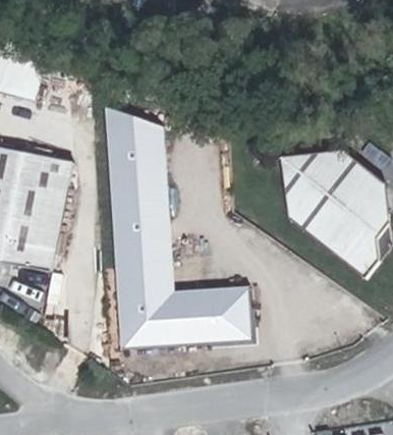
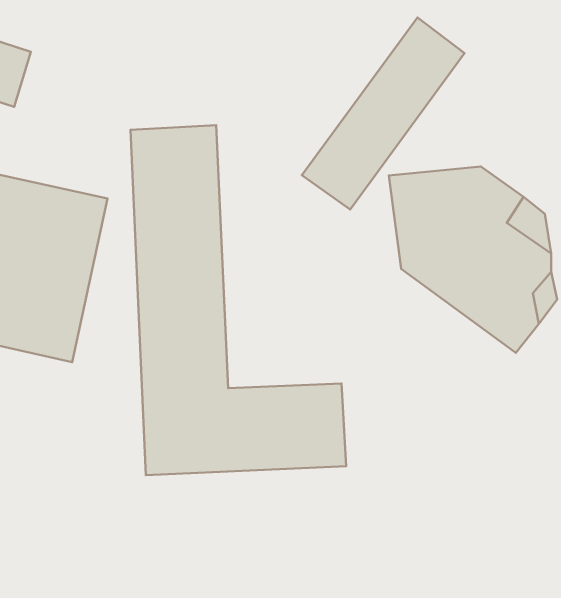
building: none -> [302,17,465,210]

